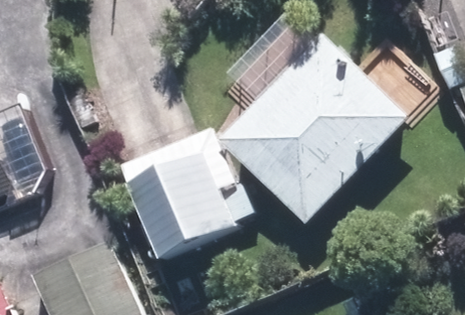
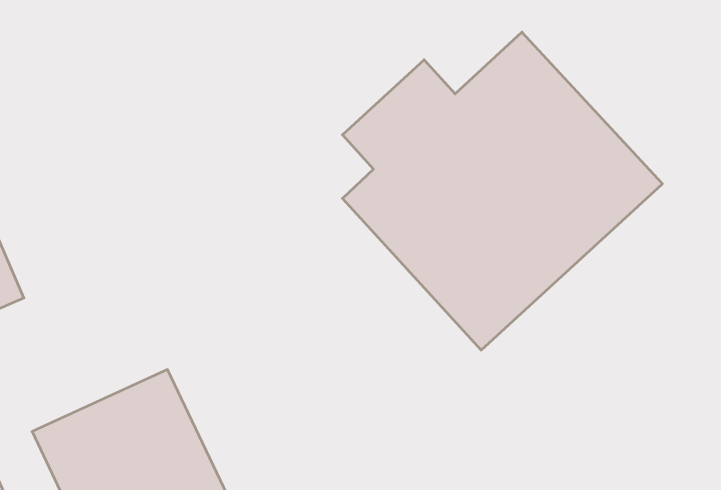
building: [116,123,253,261] -> none

